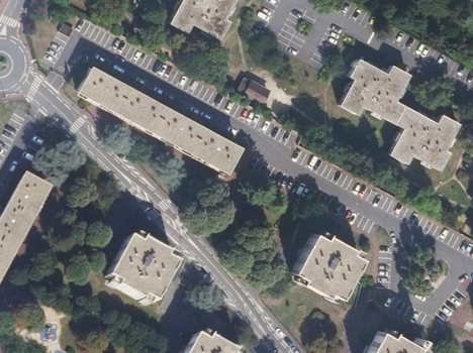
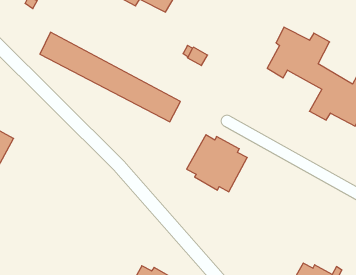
building: [292,232,362,298] -> [187,135,247,192]
building: [107,235,176,301] -> none

